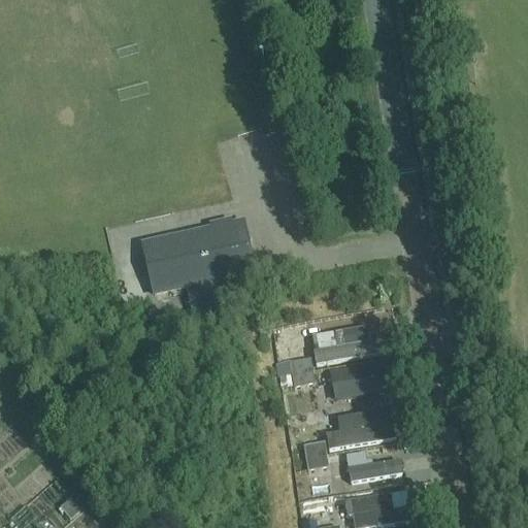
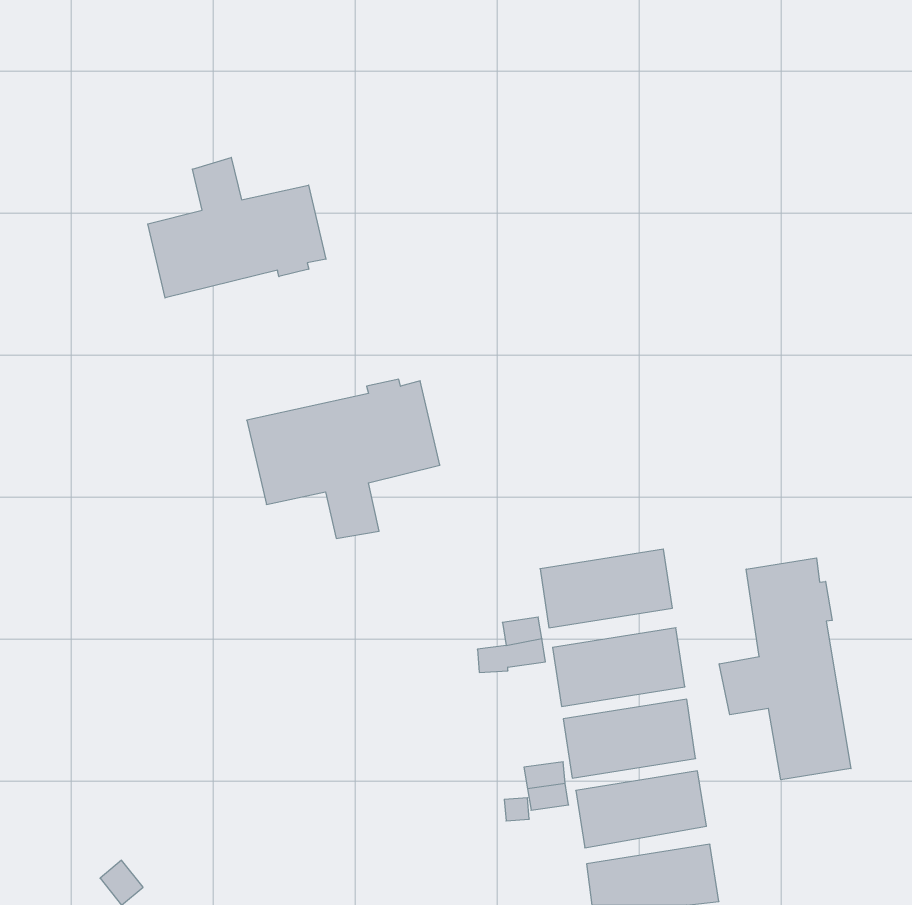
building: none -> [148,157,326,298]
building: none -> [719,558,851,780]

